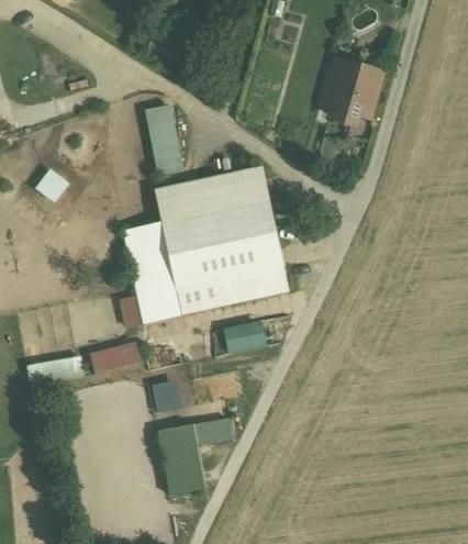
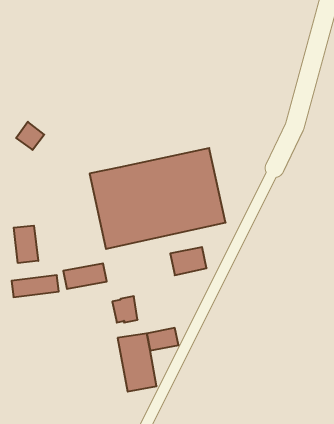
building: [319,64,381,125] -> none
building: [145,104,183,177] -> none
building: [155,166,269,223] -> none
building: none -> [14,226,38,263]

